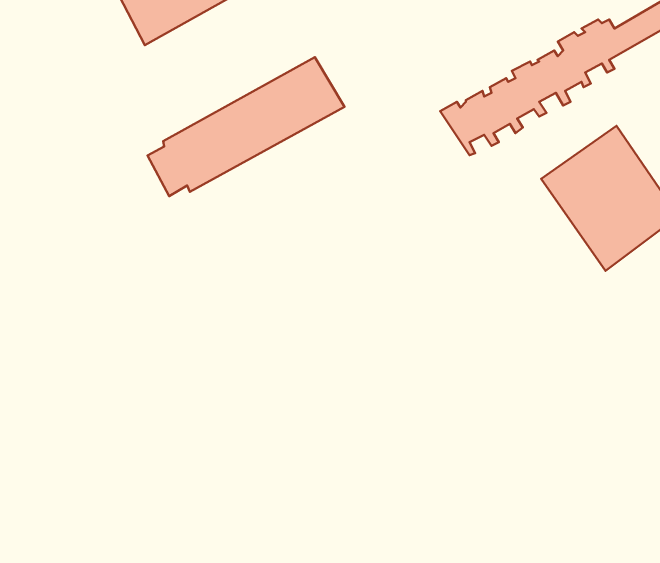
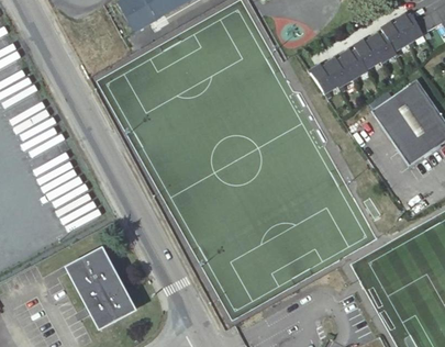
building: [148,57,345,196] -> none
building: none -> [68,249,132,325]

